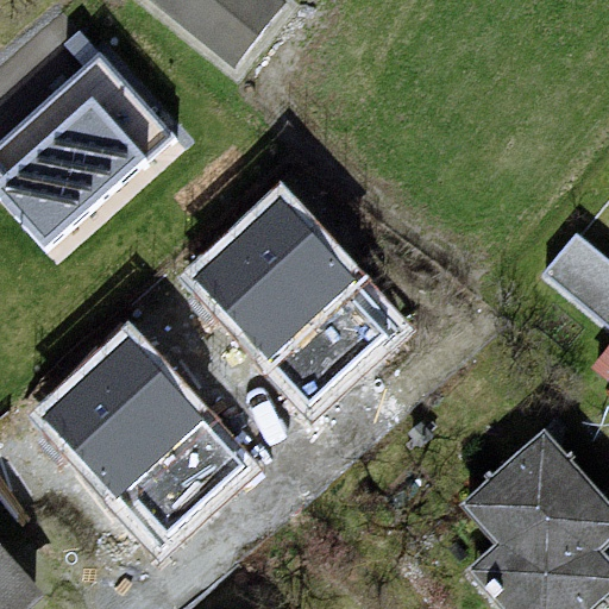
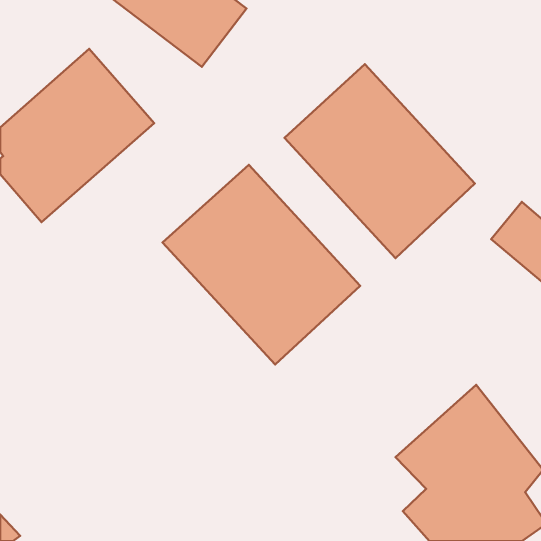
building: none -> [285,64,475,258]
building: [36,321,257,545] -> none

